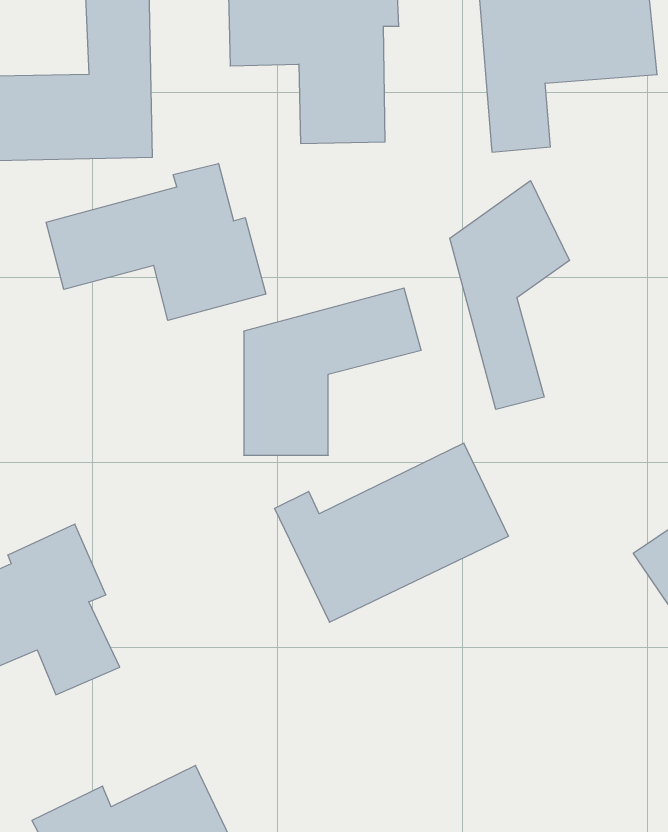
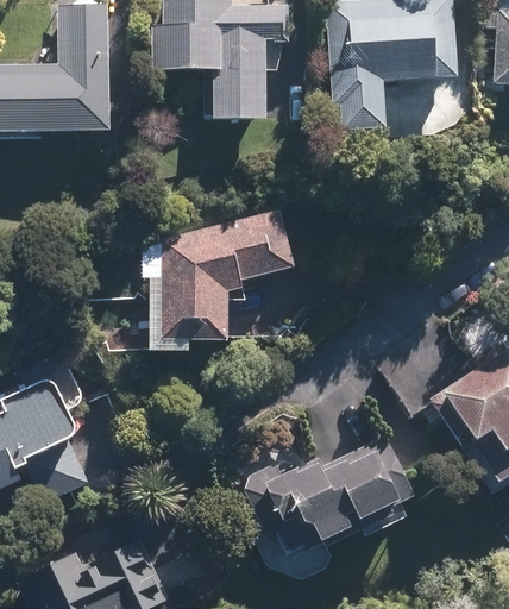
building: [46,163,266,320] -> none
building: [450,181,569,409] -> none
building: [274,443,509,622] -> [252,435,414,559]

